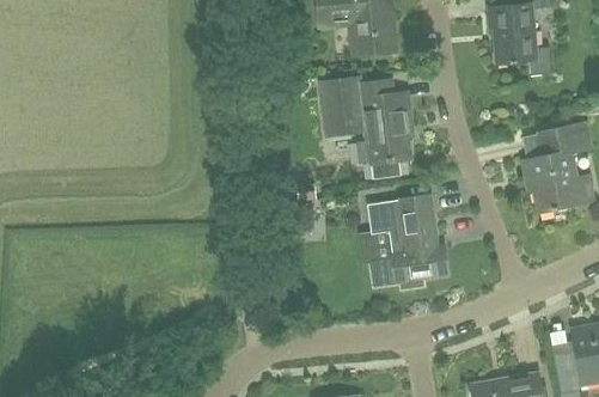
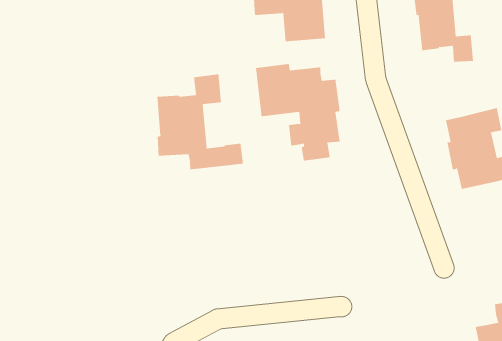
building: none -> [157,74,244,170]
building: [367,194,447,288] -> none

